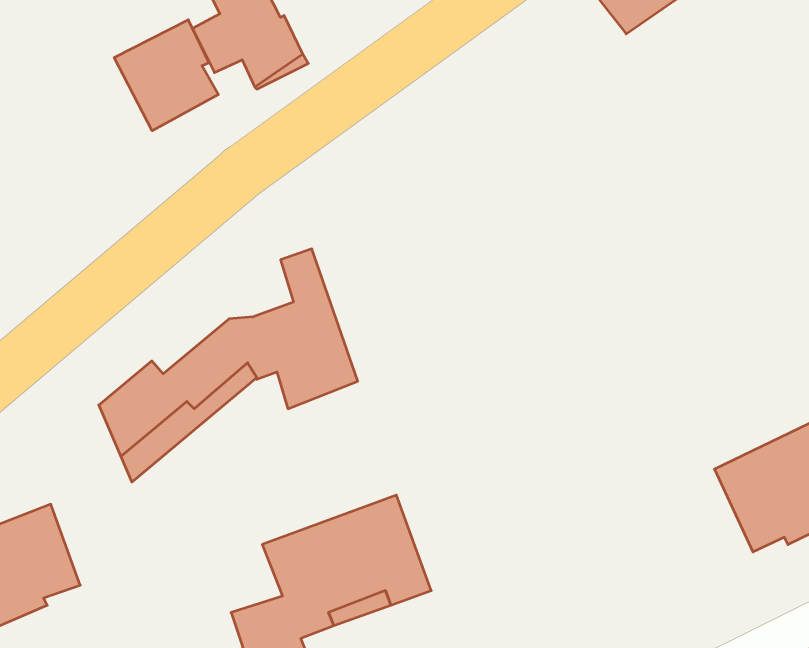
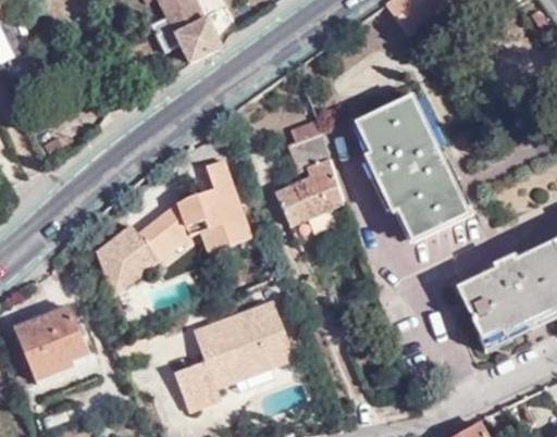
building: [114,20,218,131] -> none
building: none -> [359,98,466,238]
building: none -> [274,115,345,223]

